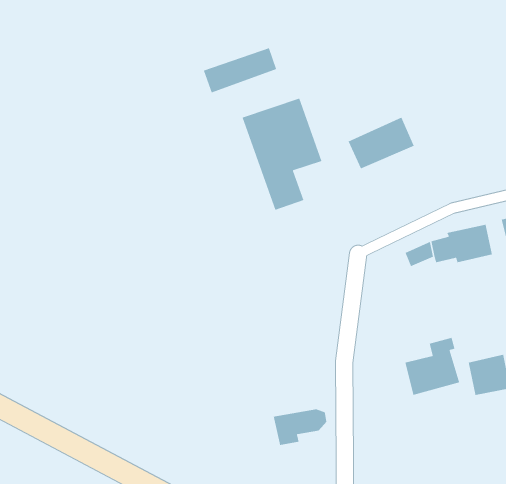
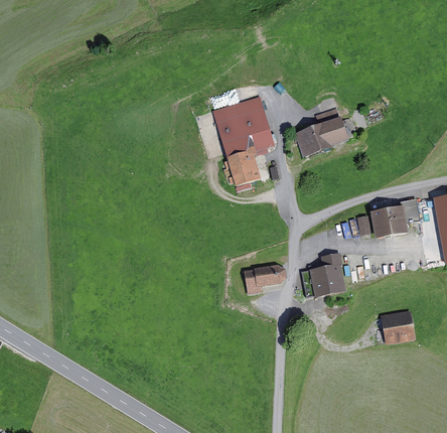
building: [203,47,277,93] -> none
building: [405,337,460,396] -> [302,252,345,297]
building: [273,408,327,446] -> [244,265,287,293]

